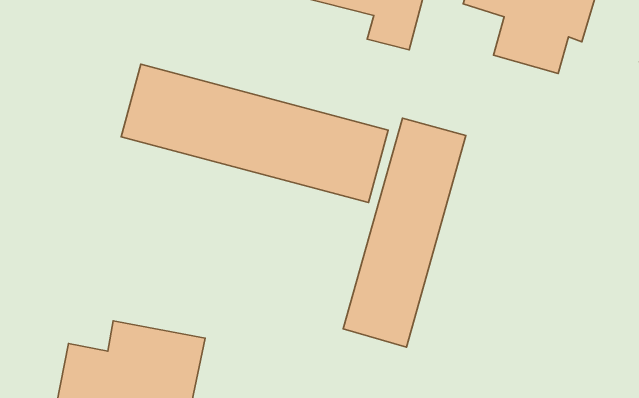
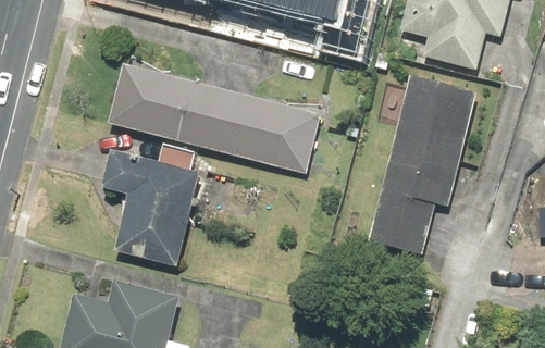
building: [343,118,466,347] -> [368,71,469,260]
building: none -> [101,159,193,269]

